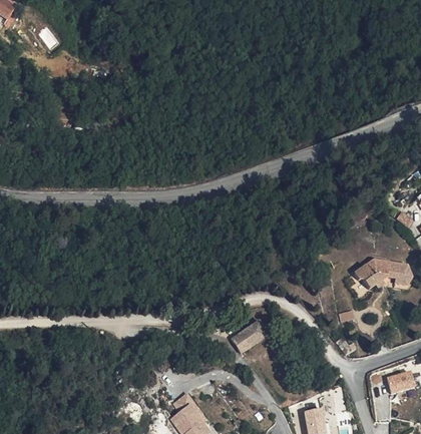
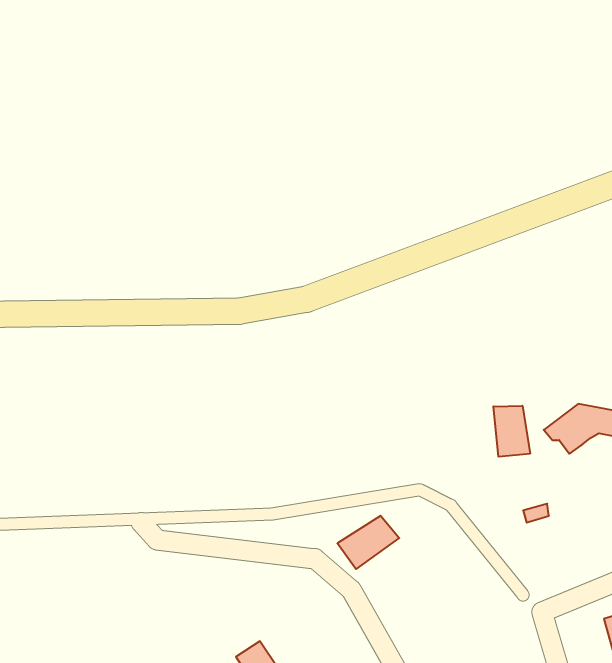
building: none -> [493,406,530,457]

